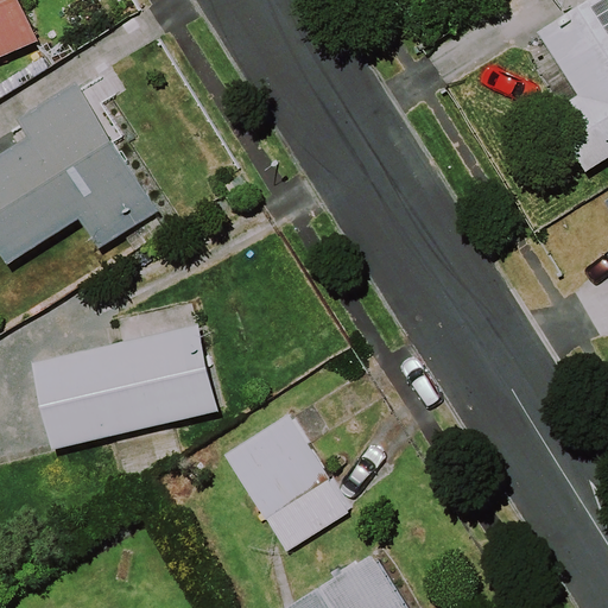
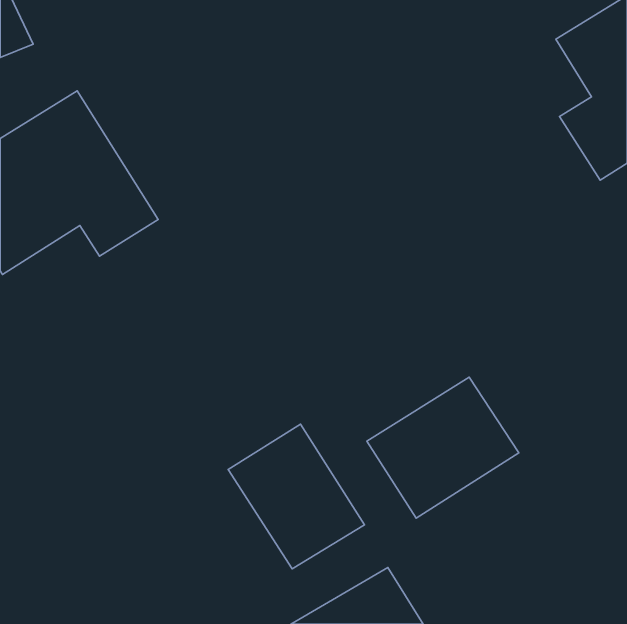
building: [43,325,218,445] -> none
building: none -> [367,377,519,518]

